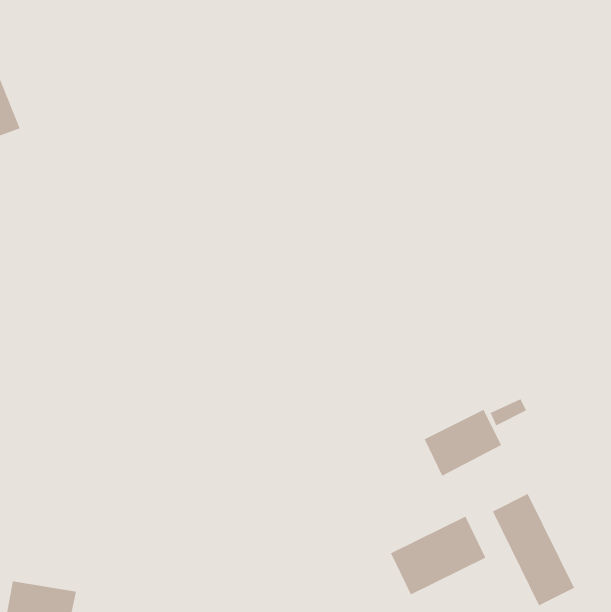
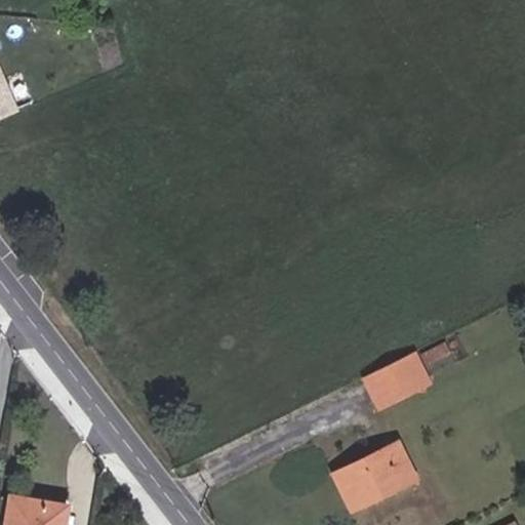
building: [492,493,575,606] -> none

